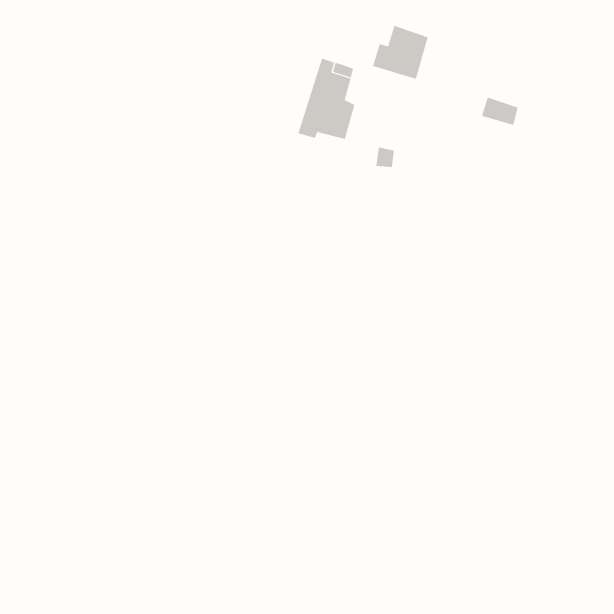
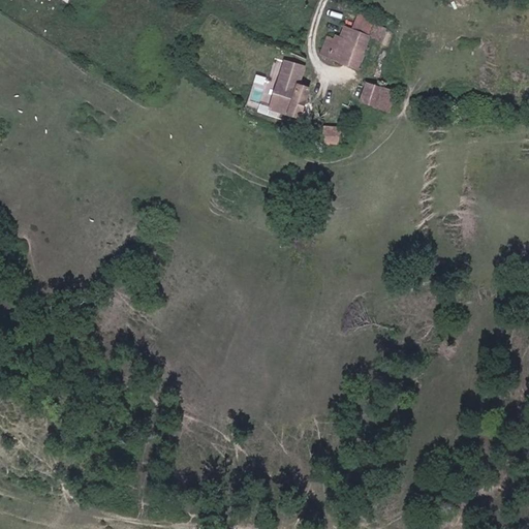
building: [481,97,519,126] -> [357,83,390,107]

